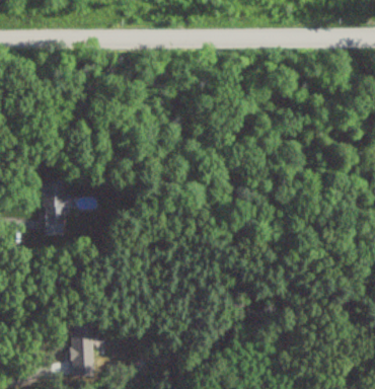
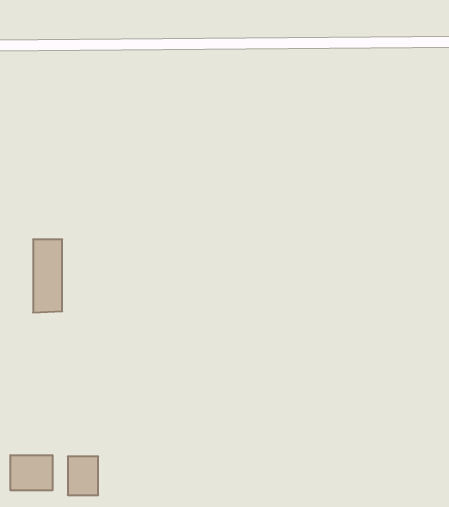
building: none -> [10,455,52,490]

